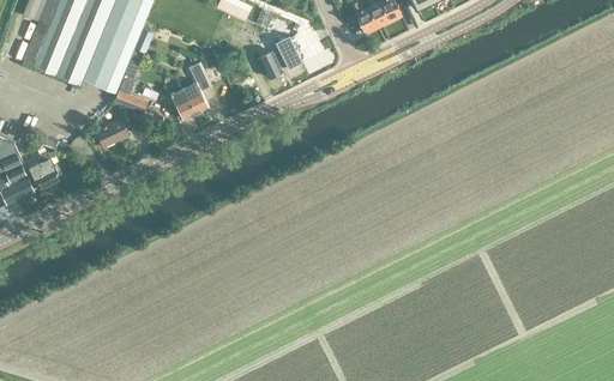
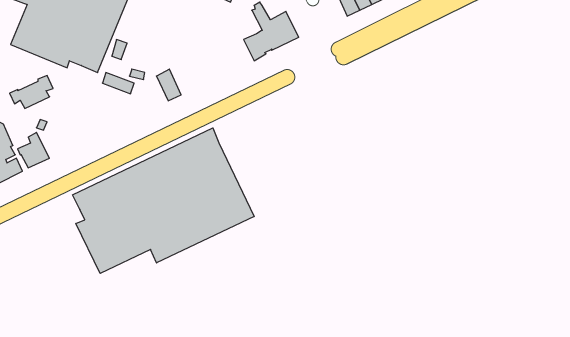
building: [183,62,211,114] -> none
building: [89,114,133,147] -> [10,76,53,108]
building: none -> [73,128,254,273]

